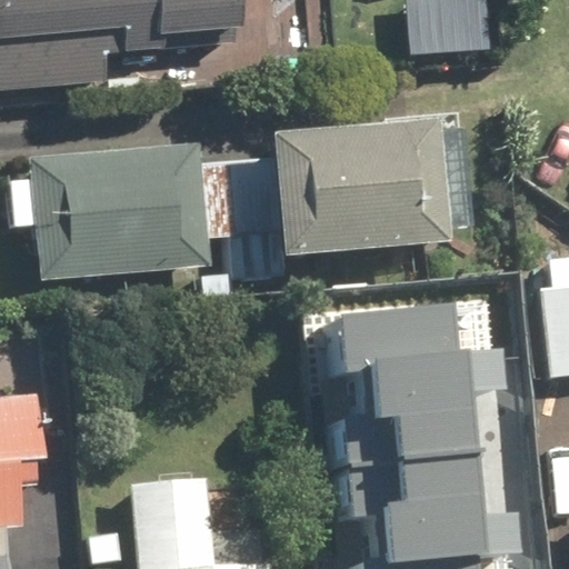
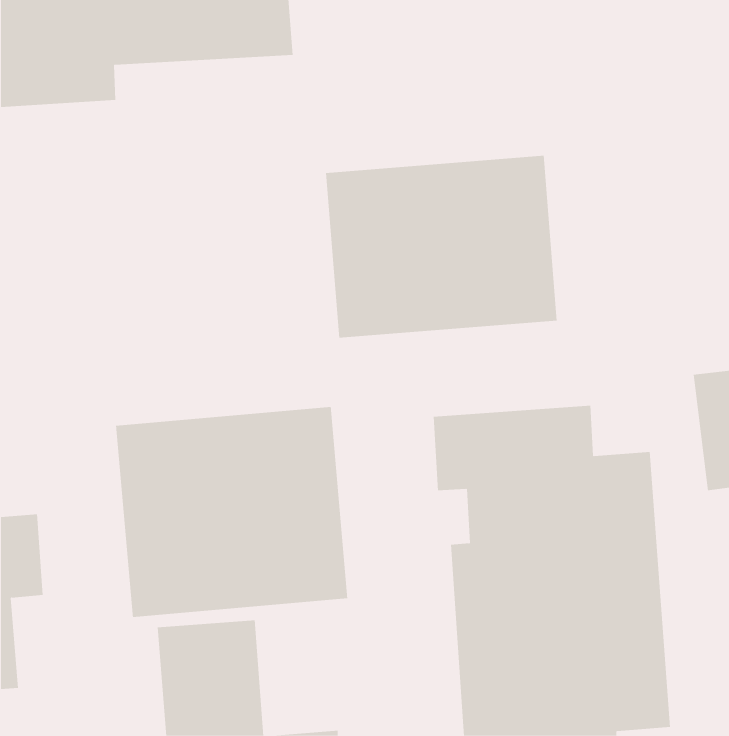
building: [24,140,210,281] -> none
building: none -> [115,406,348,618]

